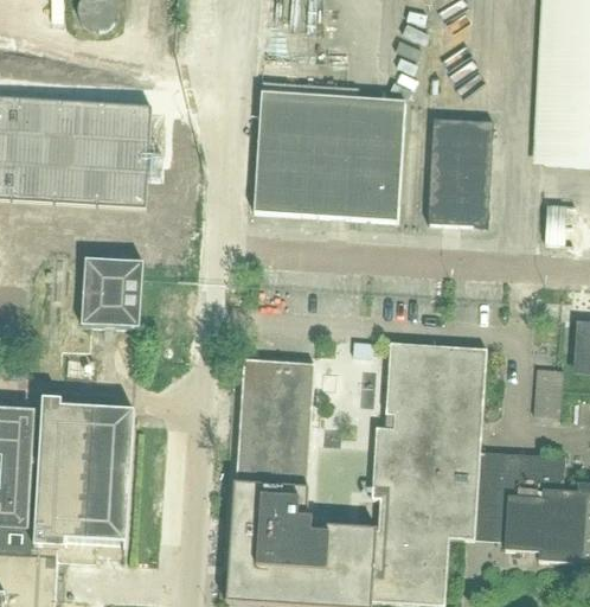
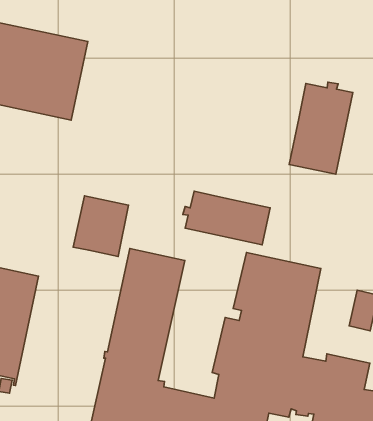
building: [252,90,405,221] -> none
building: [81,257,142,327] -> [73,196,129,257]
building: none -> [183,191,270,245]

